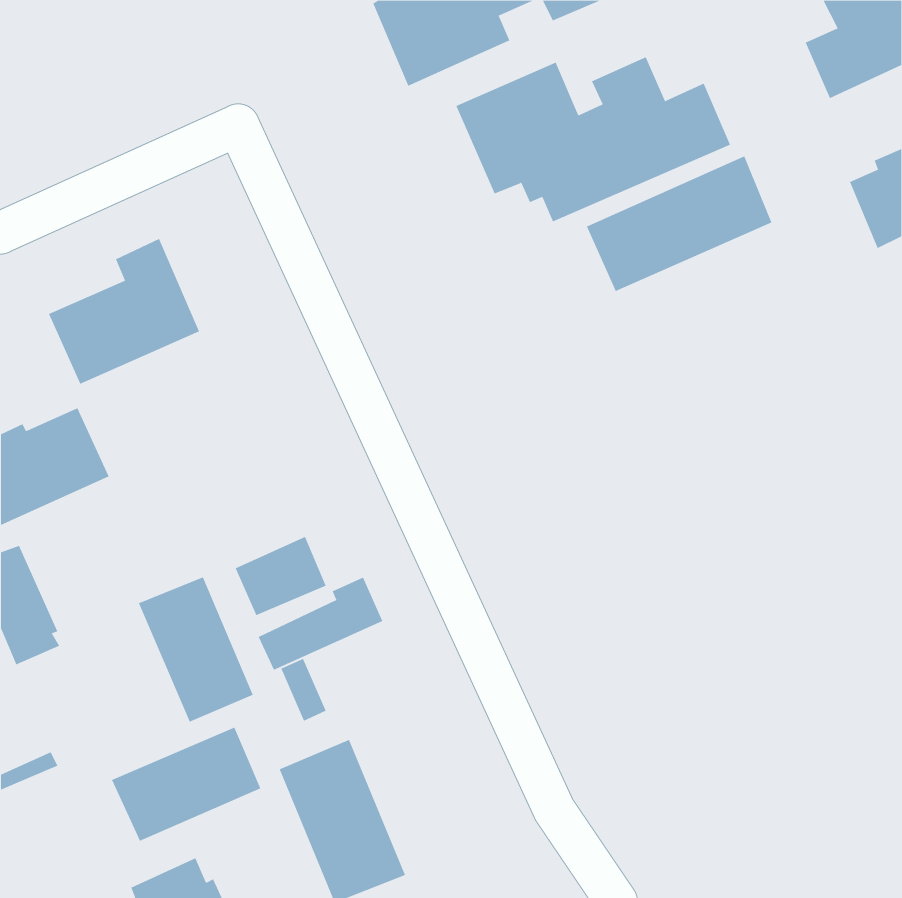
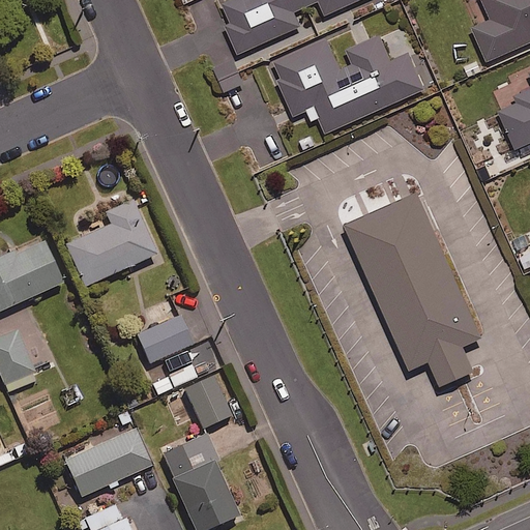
building: [586,155,772,292] -> none
building: [48,238,200,384] -> [66,200,155,286]
building: none -> [342,190,481,385]
building: [138,576,253,722] -> none
building: none -> [185,376,232,428]

